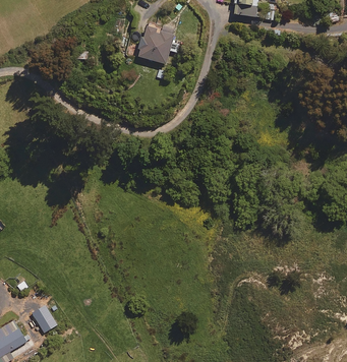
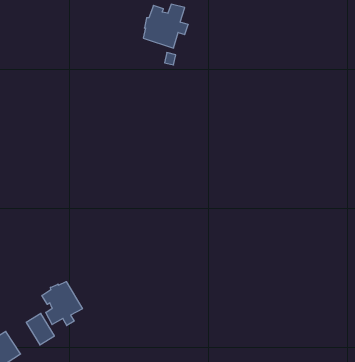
building: none -> [42,282,82,326]

